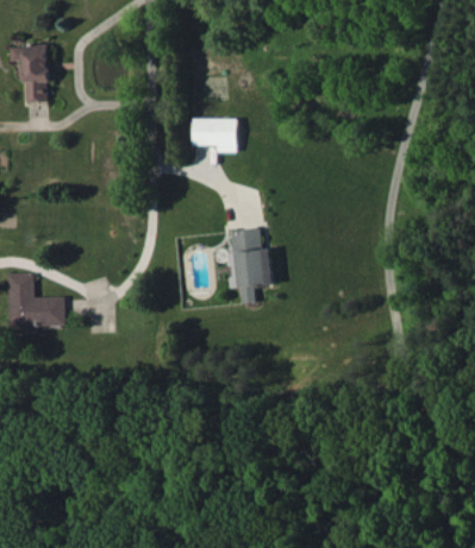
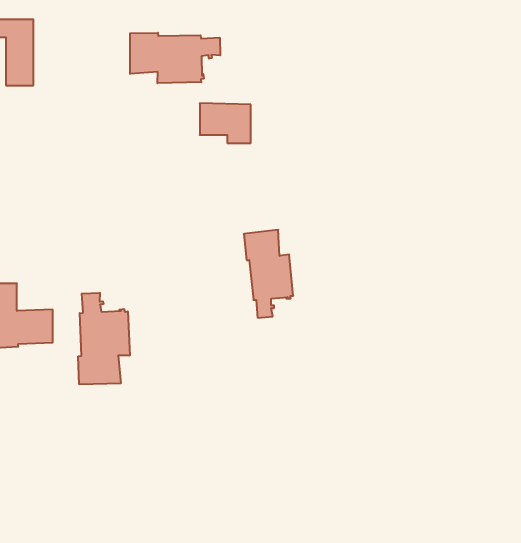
building: none -> [130,33,220,83]
building: none -> [78,293,130,384]

